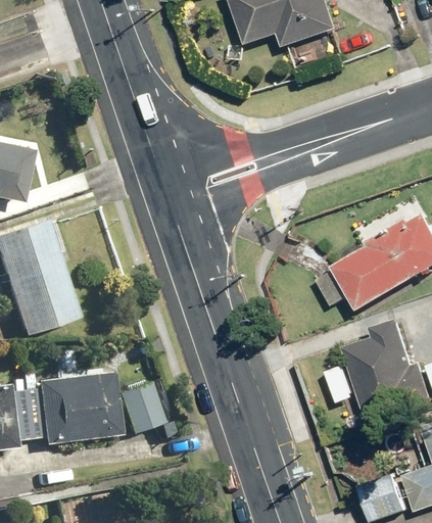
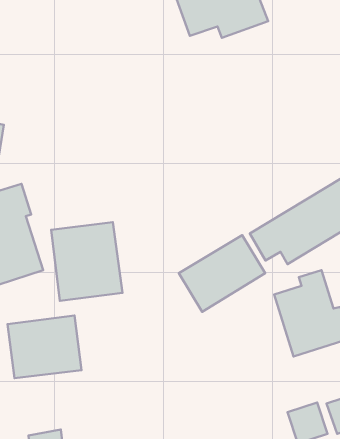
building: none -> [51,222,123,301]
building: none -> [179,235,265,312]
building: [113,383,159,433] -> none

